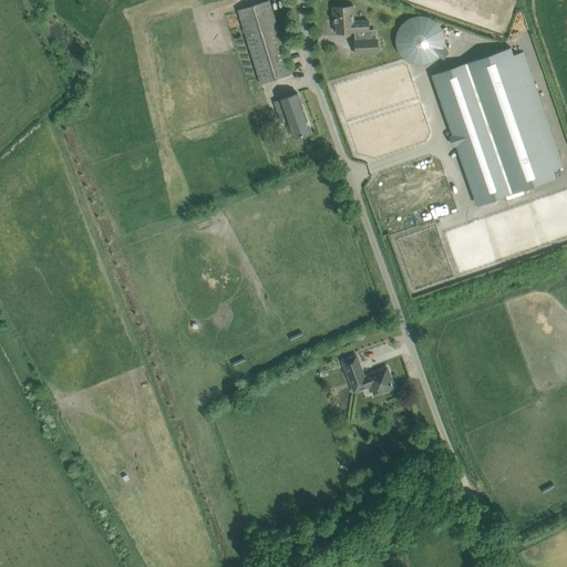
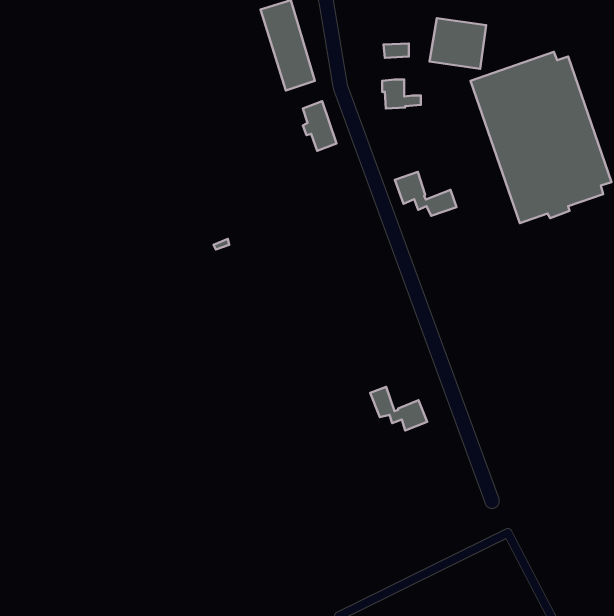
building: [331,7,367,33] -> [382,80,421,109]
building: none -> [395,172,457,216]

